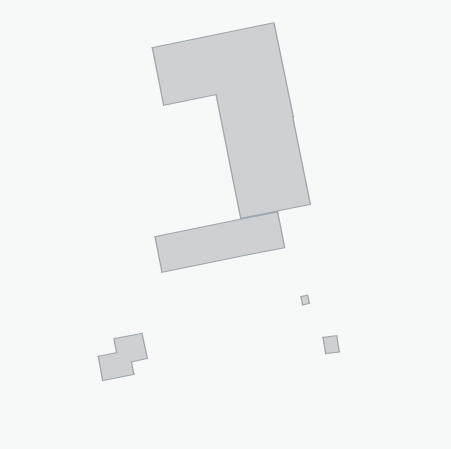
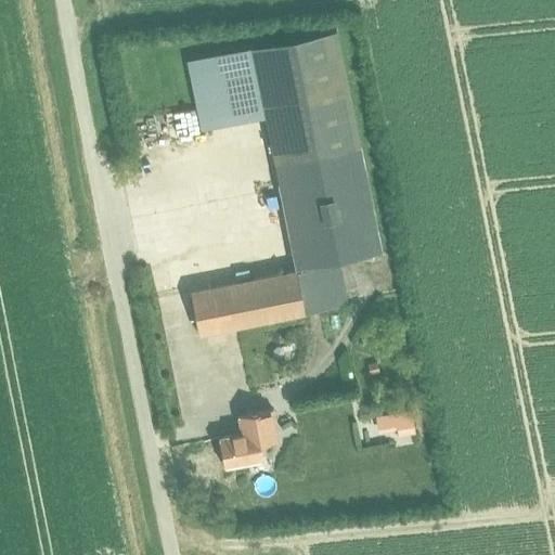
building: [98,333,148,380] -> [219,412,280,469]

